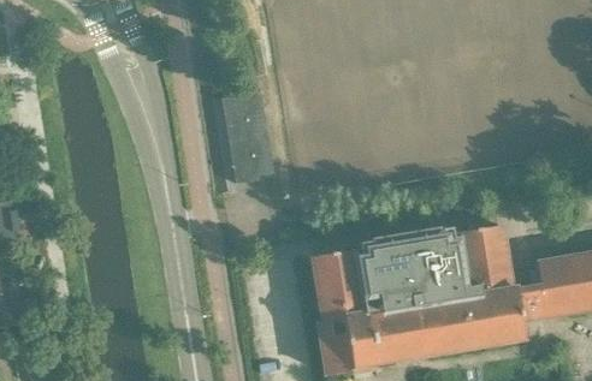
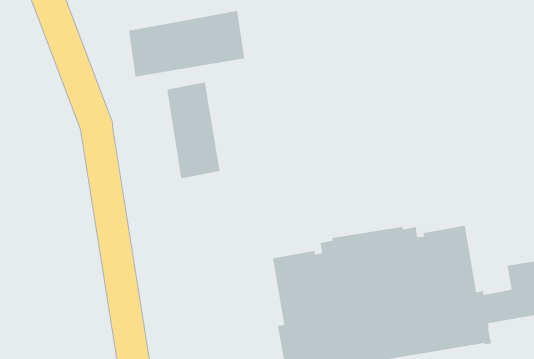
building: none -> [128,10,245,77]

